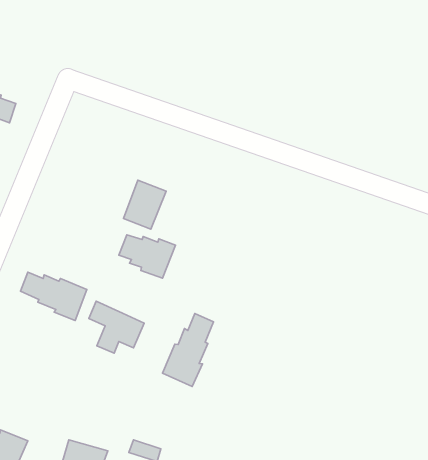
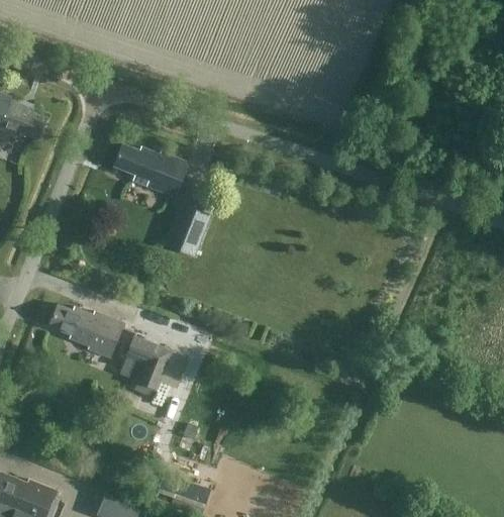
building: none -> [113,143,188,197]
building: [119,235,175,278] -> none
building: [163,313,213,387] -> none

